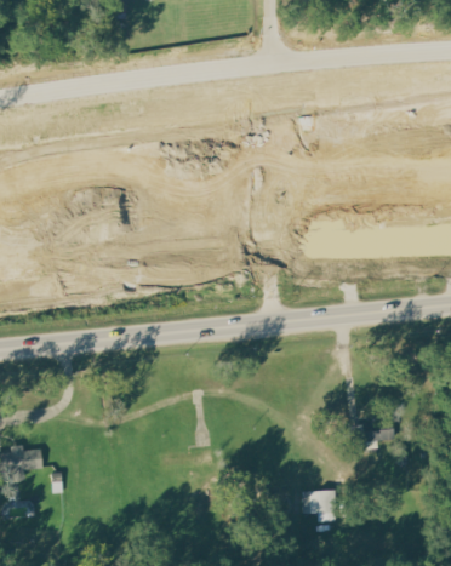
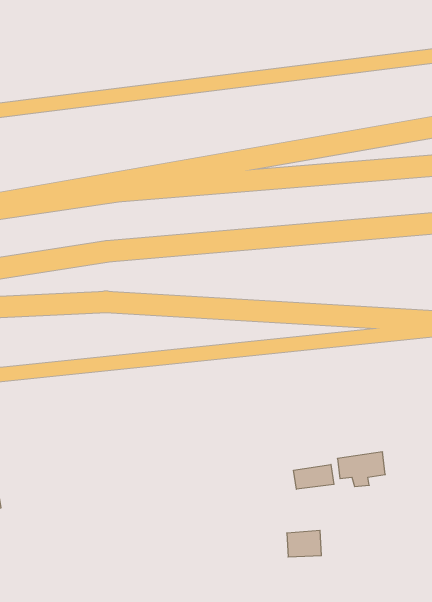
building: none -> [294,464,334,489]

